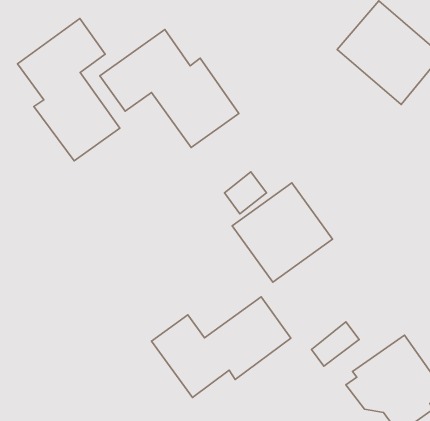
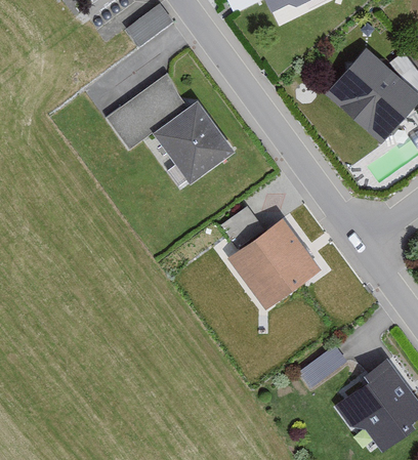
building: [17,19,120,161] -> none
building: [151,297,291,397] -> none

